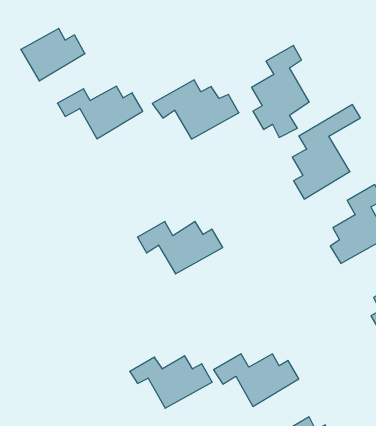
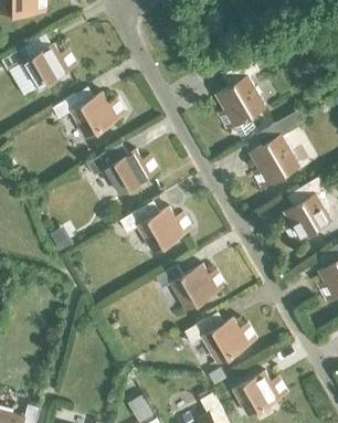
building: [152,80,239,139] -> [85,145,158,194]
building: [130,356,212,408] -> [155,265,224,309]

